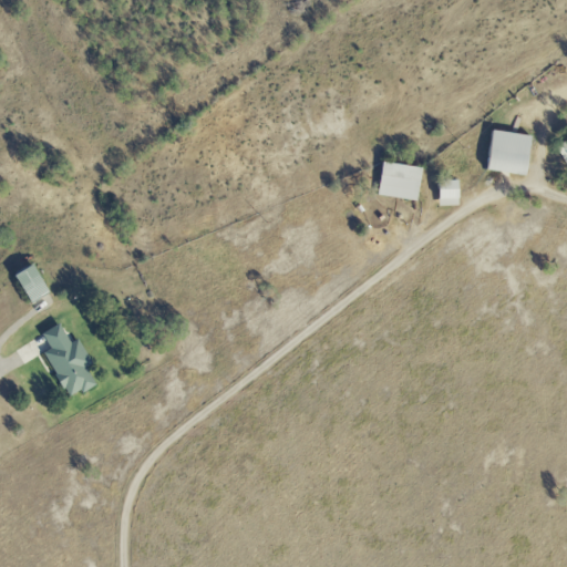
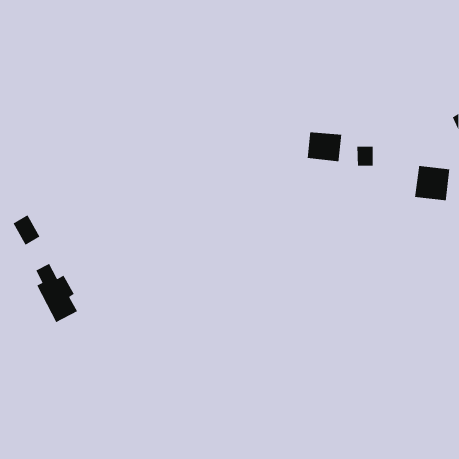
building: [487,130,532,174] -> [414,165,450,201]

